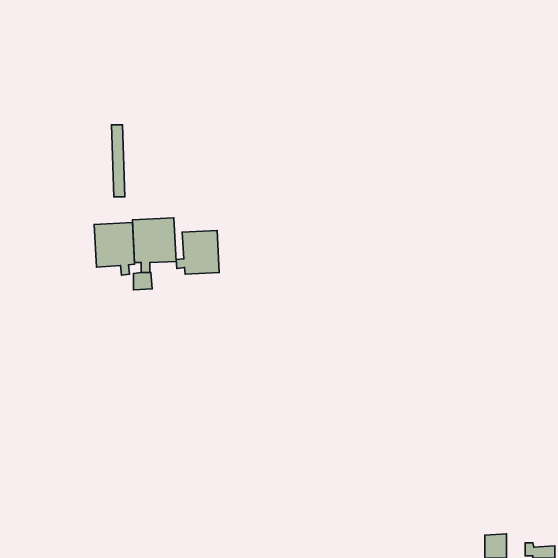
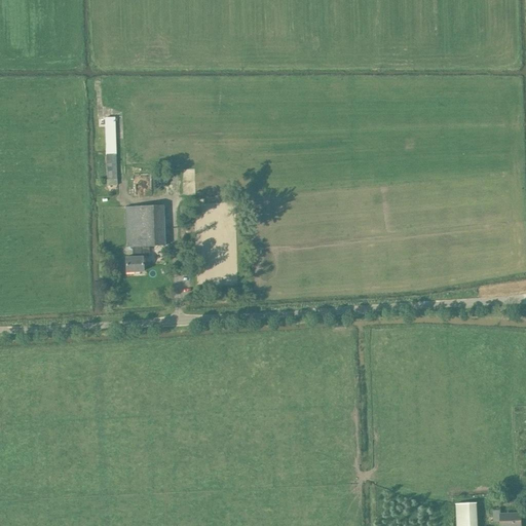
building: [94,223,135,275] -> none
building: [176,230,219,274] -> none

